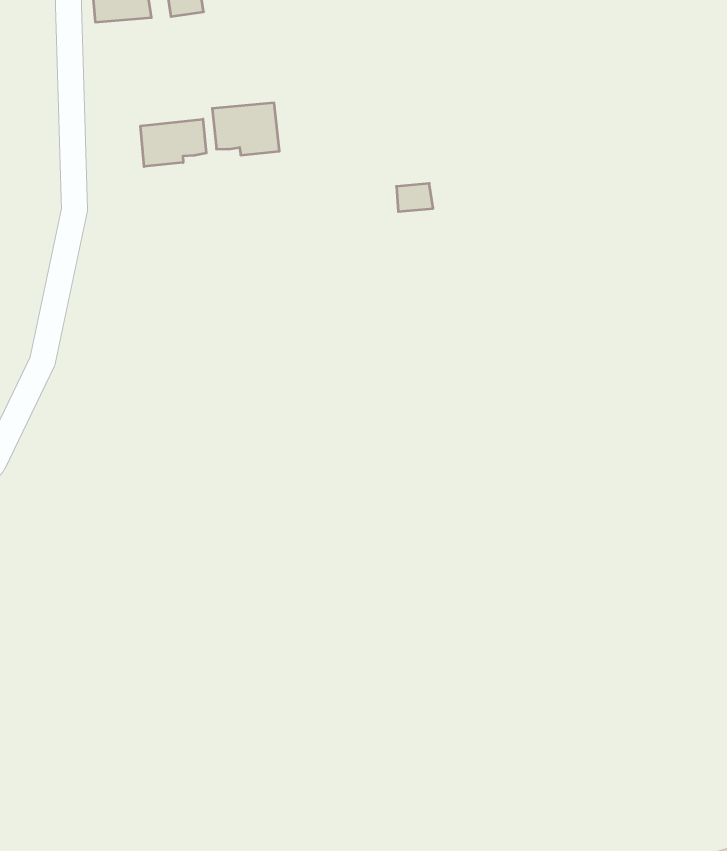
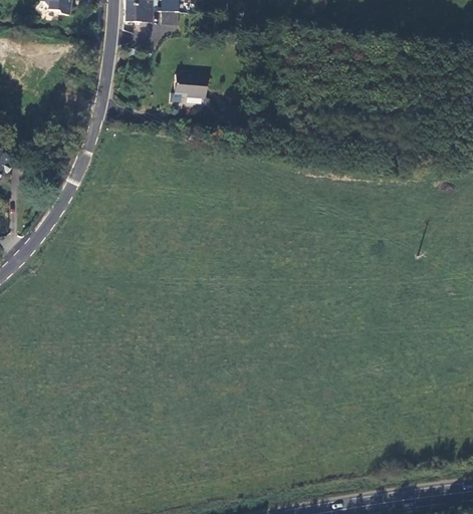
building: [141,119,206,167] -> none

